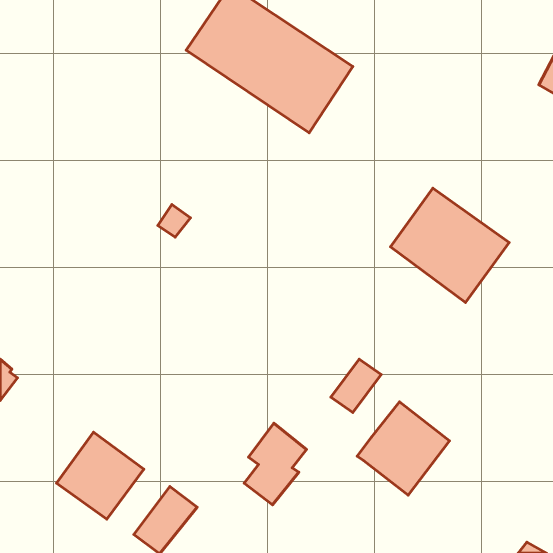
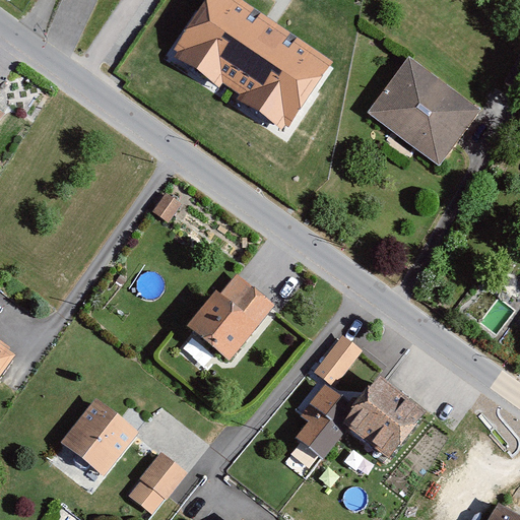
building: [391,188,509,303] -> [365,58,475,165]
building: none -> [194,270,279,356]
building: [244,423,306,505] -> [291,384,349,460]

